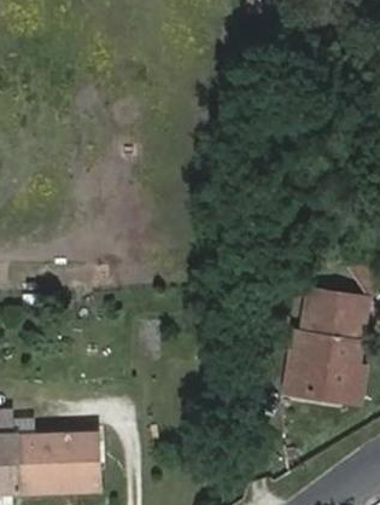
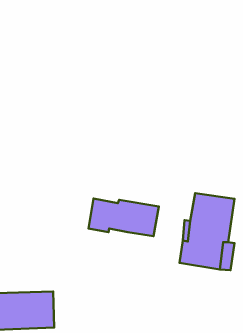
building: none -> [88,198,159,236]

